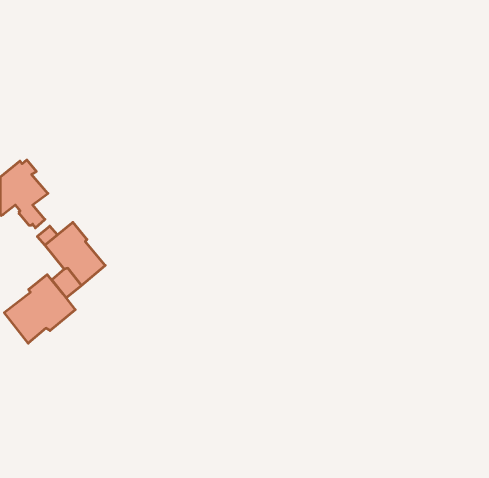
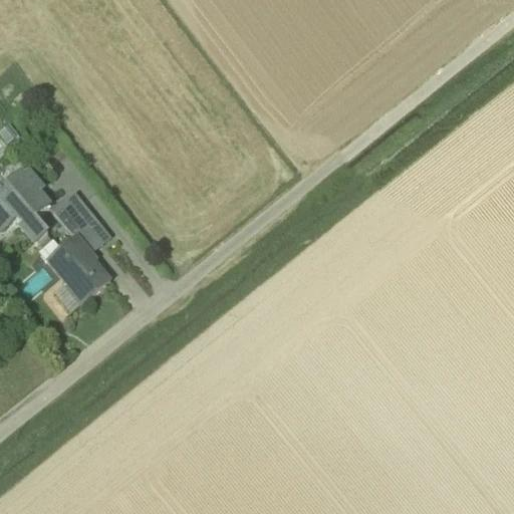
building: none -> [53,190,110,250]
building: [4,275,75,343] -> none

